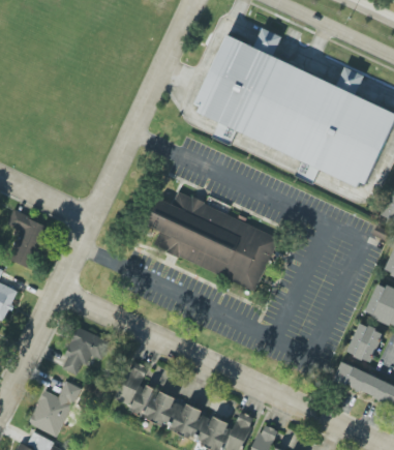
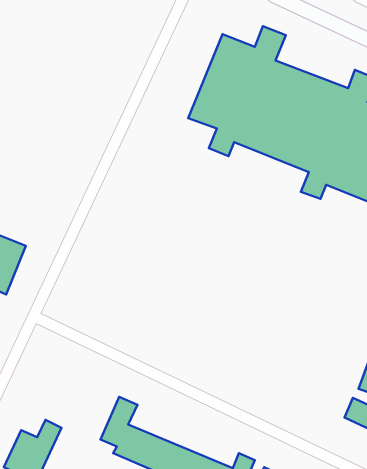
building: [147,193,278,289] -> none
building: [61,327,109,374] -> none

